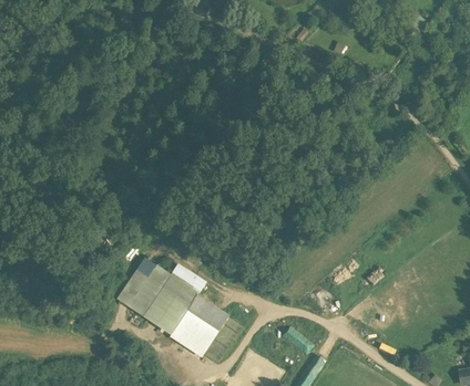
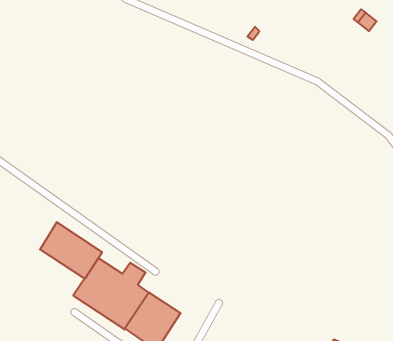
building: none -> [40,222,102,279]

